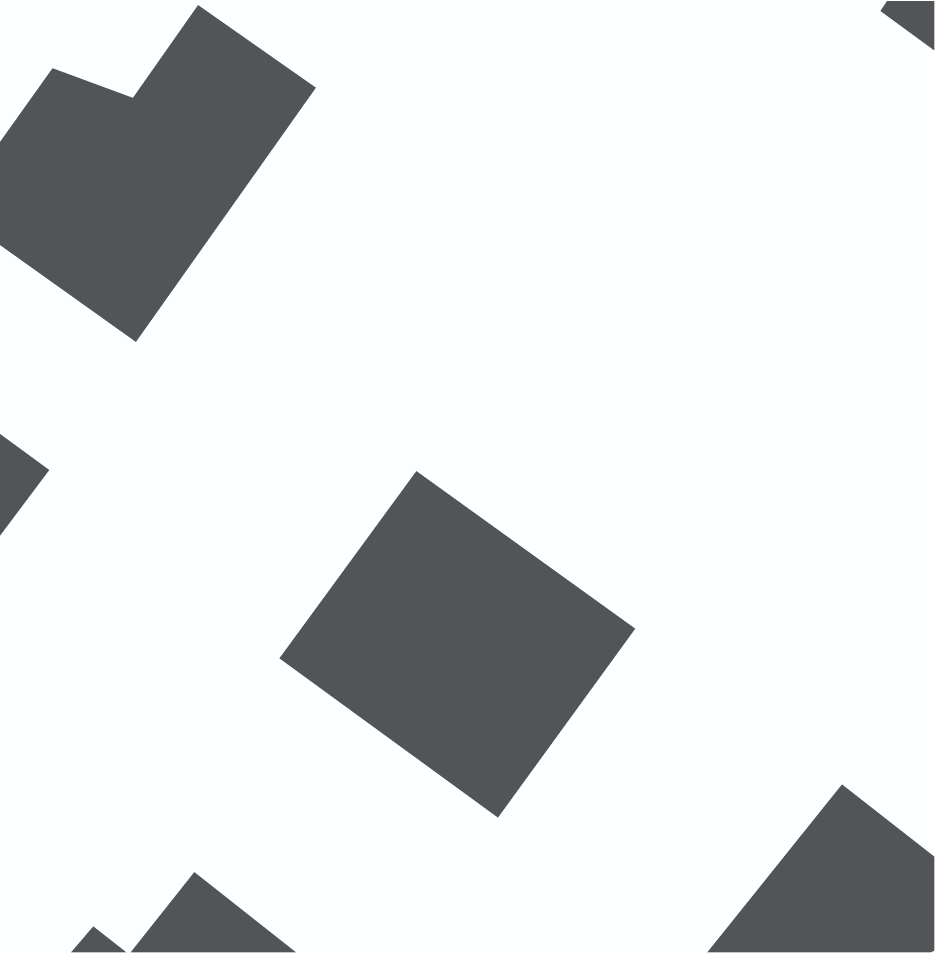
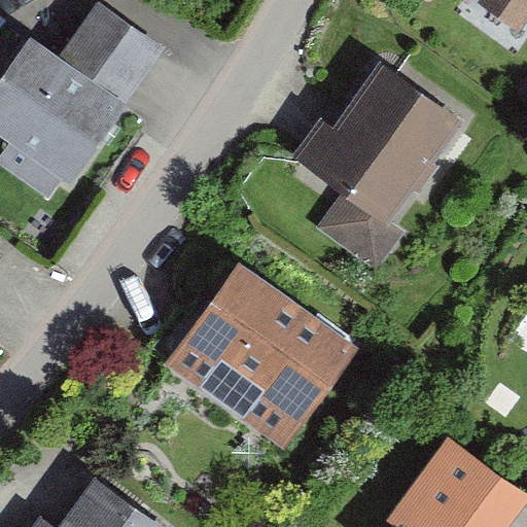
building: none -> [286,70,457,274]

